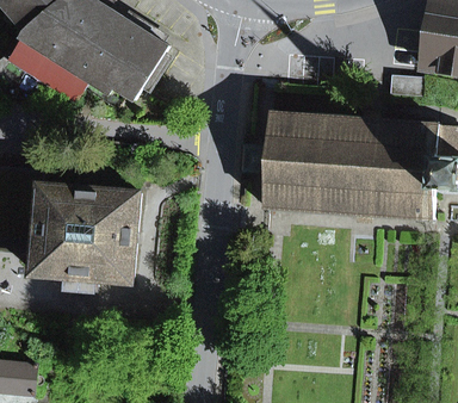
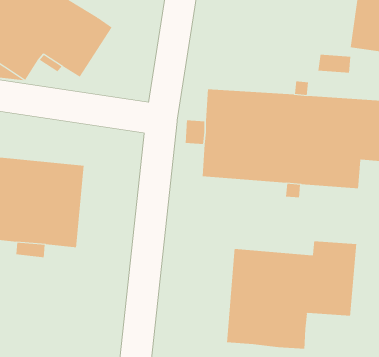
building: none -> [226,241,357,350]

